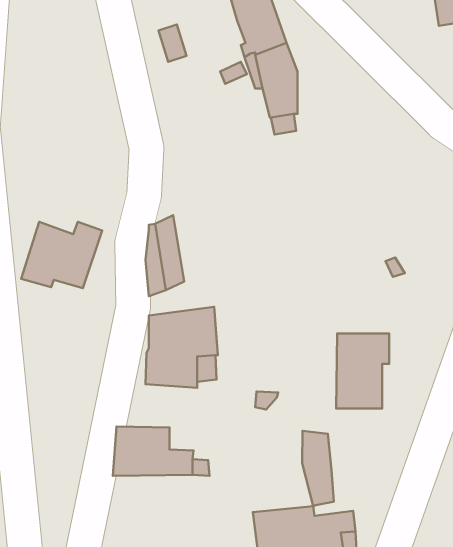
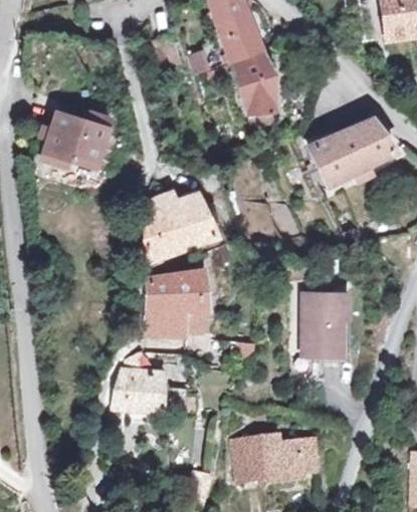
building: none -> [305,116,391,185]
building: none -> [167,190,218,249]
building: [21,222,102,288] -> [41,109,109,165]
building: [302,431,334,506] -> none

